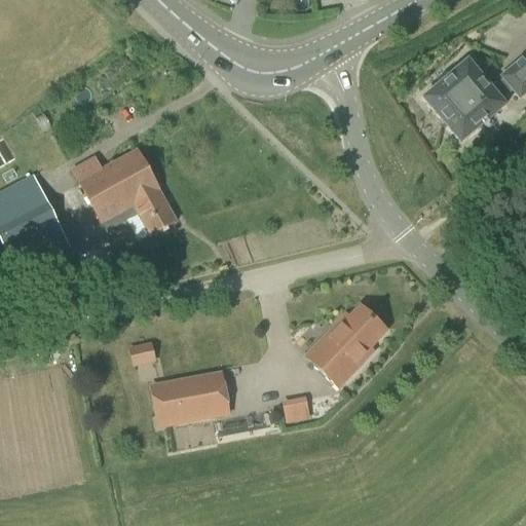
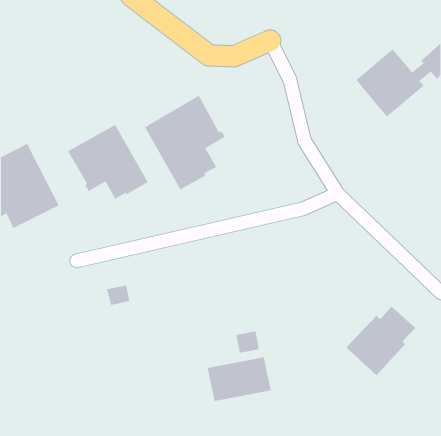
building: none -> [144,95,225,190]
building: [305,302,389,386] -> [345,305,416,376]
building: [152,370,229,423] -> [207,357,272,402]

